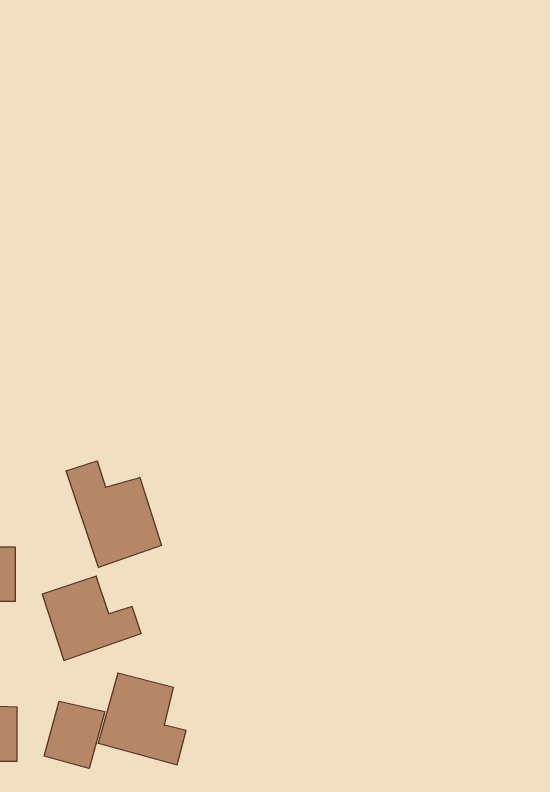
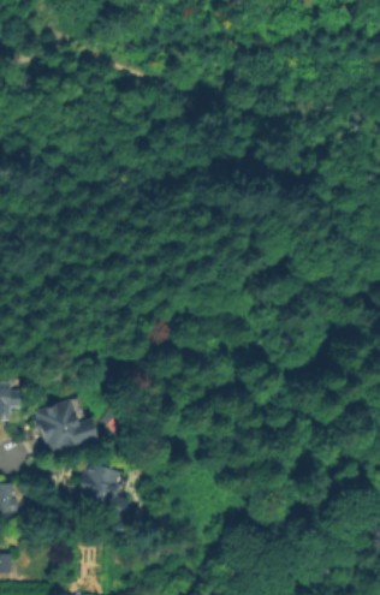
building: [66,461,162,567] -> none
building: [44,701,105,768] -> none

